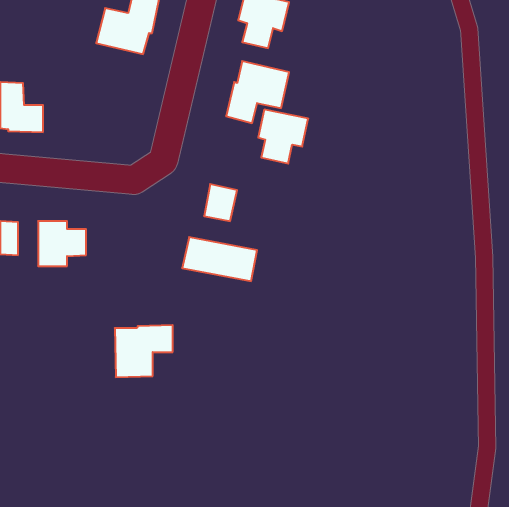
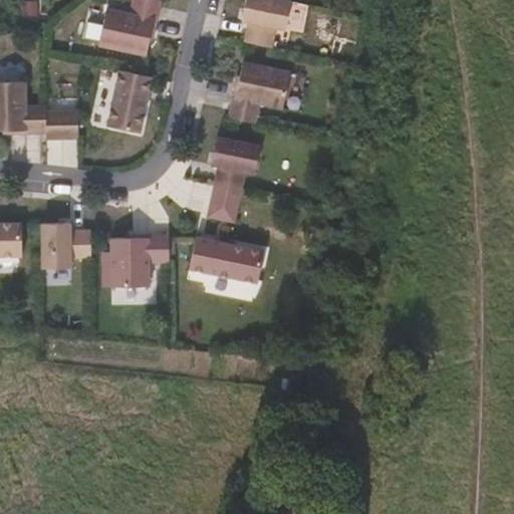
building: none -> [107,69,152,133]
building: [258,110,308,164] -> [210,137,260,191]
building: none -> [45,110,78,139]
building: [115,325,173,377] -> [109,235,168,287]

